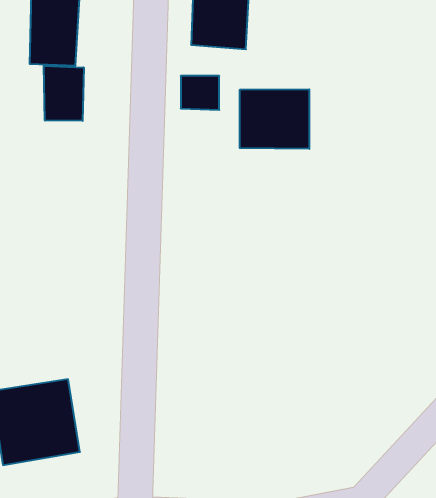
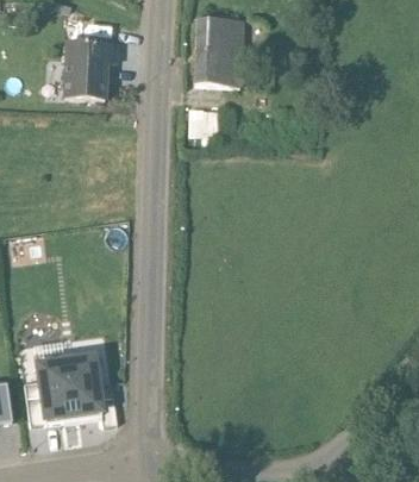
building: [44,66,84,121] -> none
building: [240,89,309,149] -> none

